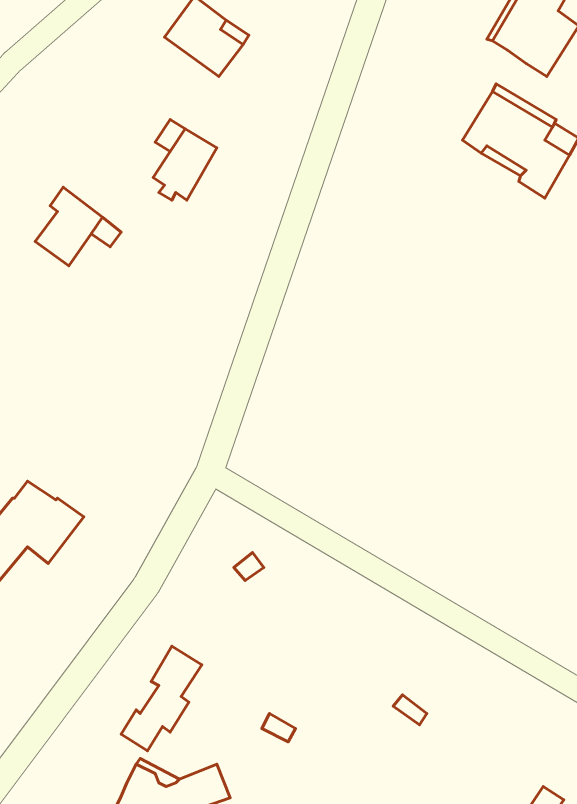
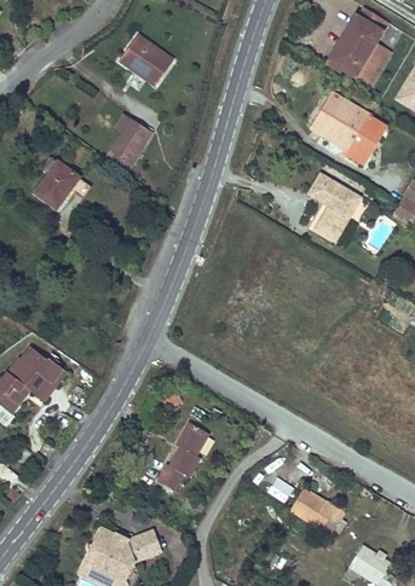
building: none -> [310,172,362,239]
building: [121,646,202,751] -> [157,422,209,489]
building: none -> [290,487,345,535]

